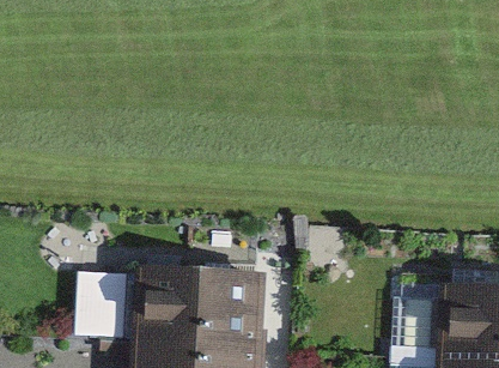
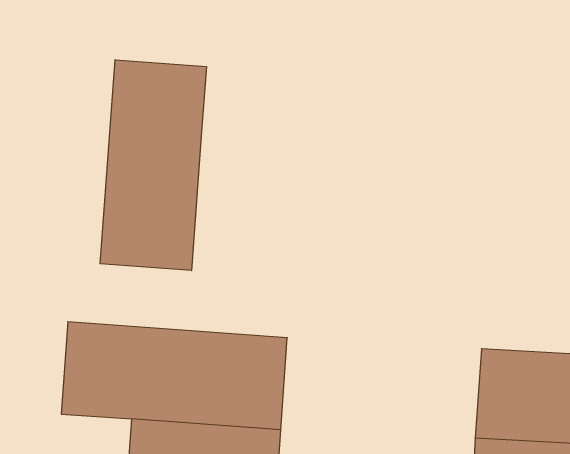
building: none -> [100,60,206,271]

